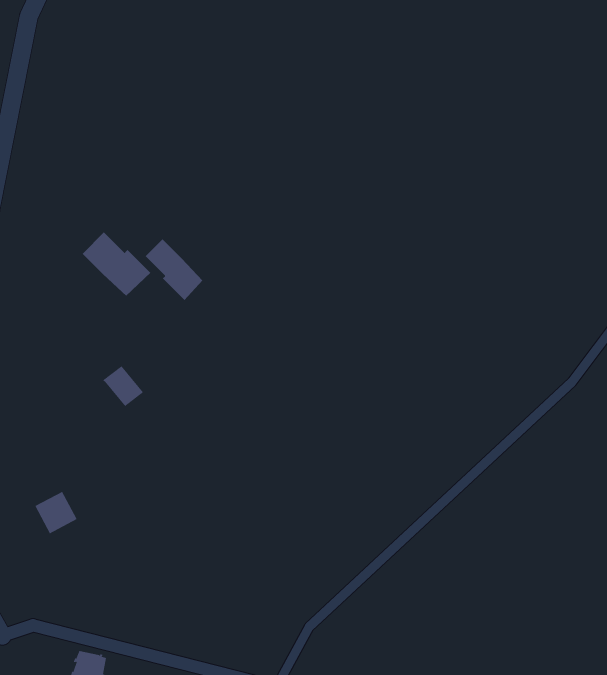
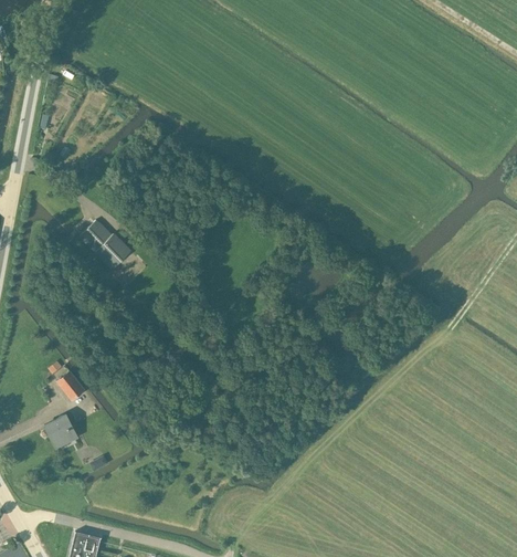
building: [145,238,203,301] -> none
building: [103,365,144,407] -> [54,370,85,401]

